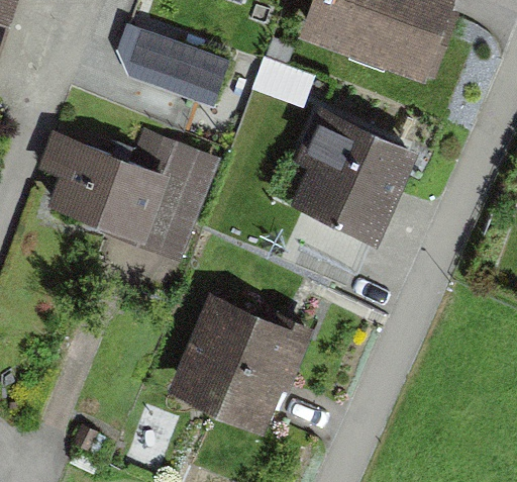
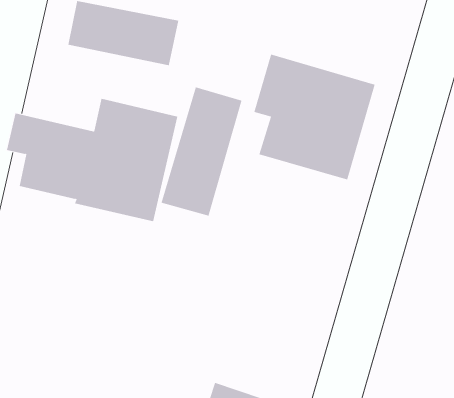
building: none -> [161,87,242,216]
building: [158,299,294,443] -> none

